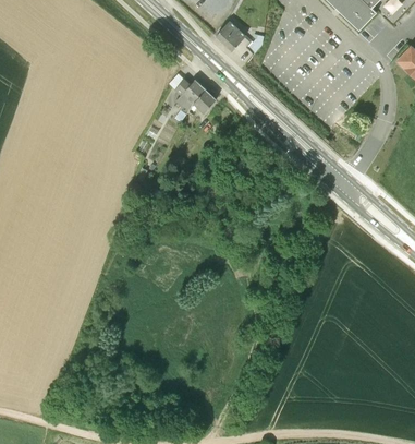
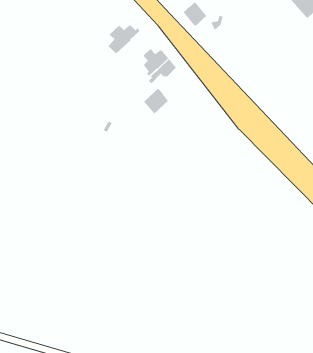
building: none -> [107,24,141,54]
building: none -> [143,88,169,115]

